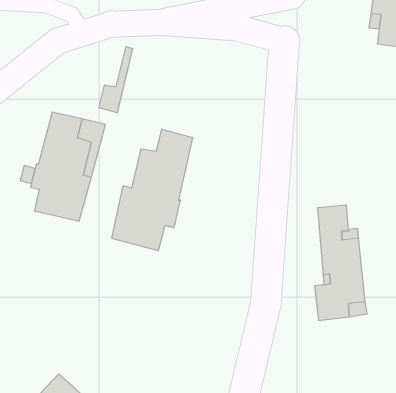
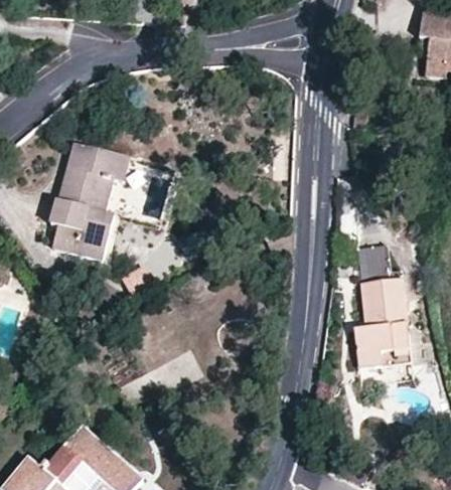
building: [99,47,133,113] -> none
building: [112,129,193,251] -> none

